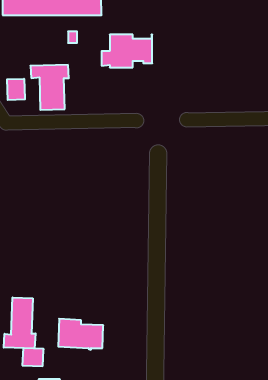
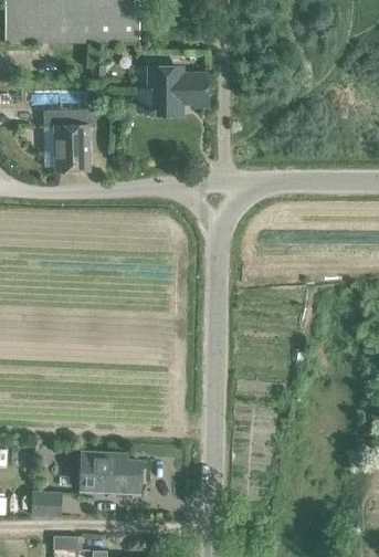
building: [7,79,25,100] -> none
building: [4,297,36,348] -> none

